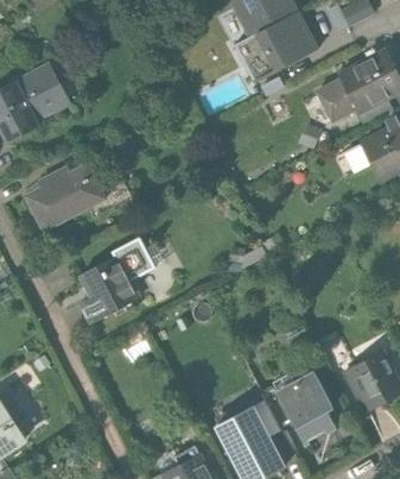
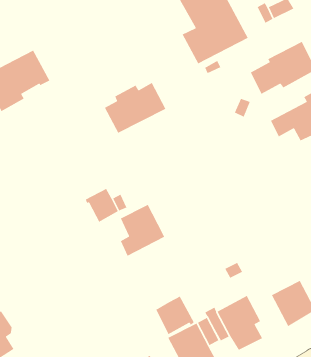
building: [25,163,103,228] -> [104,82,166,134]
building: [81,256,138,322] -> [120,204,165,257]
building: none -> [155,296,195,335]

